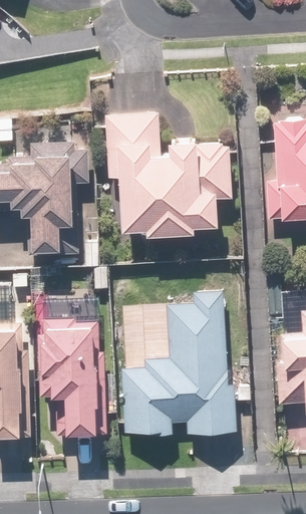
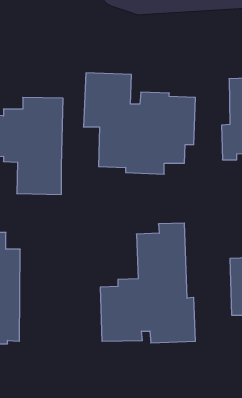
building: [38,313,99,438] -> none

